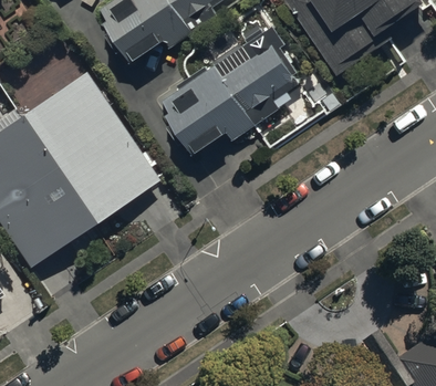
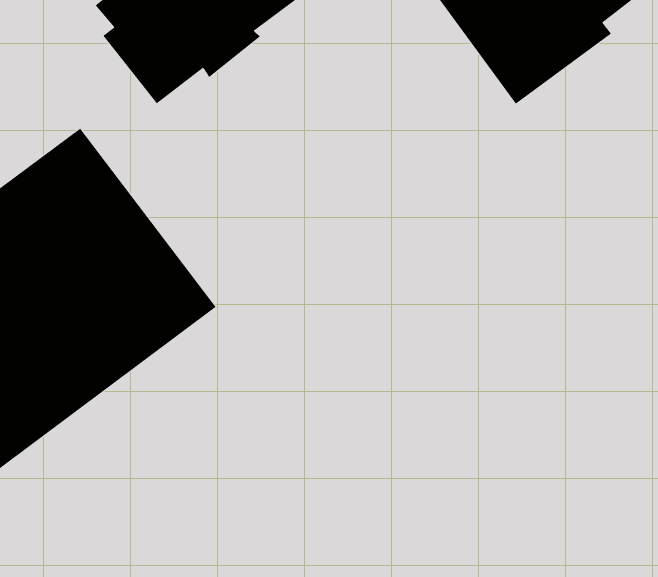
building: [158,36,299,160] -> none

